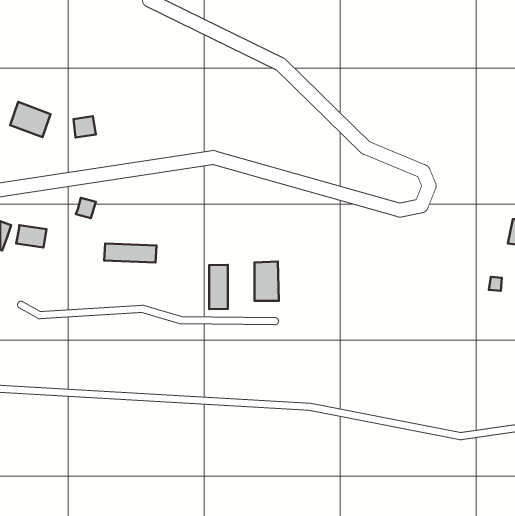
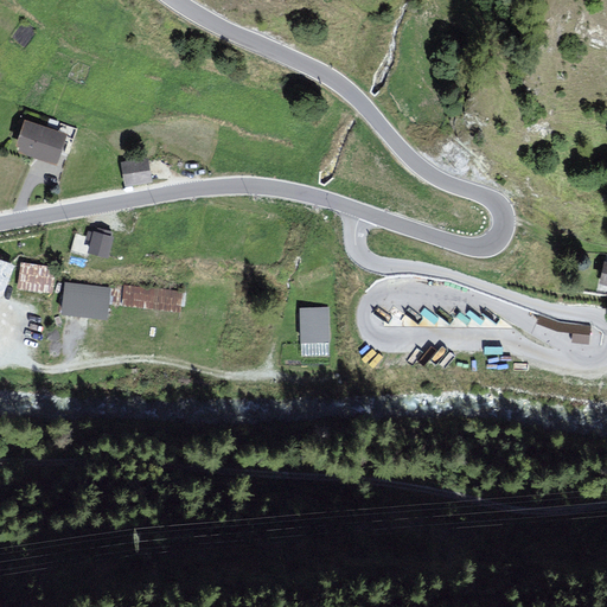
building: [74,116,96,137] -> [123,158,149,183]
building: none -> [63,282,109,317]
building: [209,265,228,309] -> none

